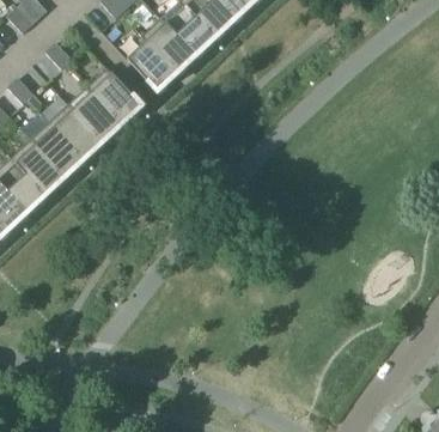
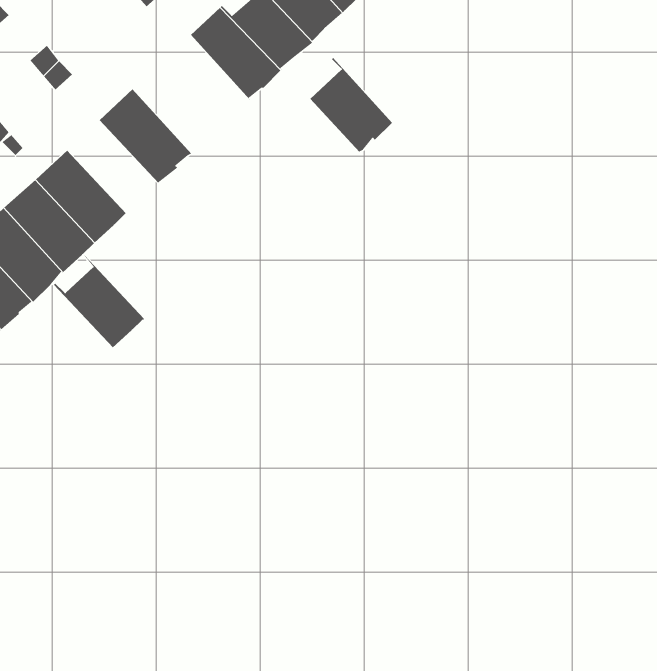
building: [127,35,177,92] -> [309,57,393,152]
building: [67,86,122,142] -> [53,255,144,348]

